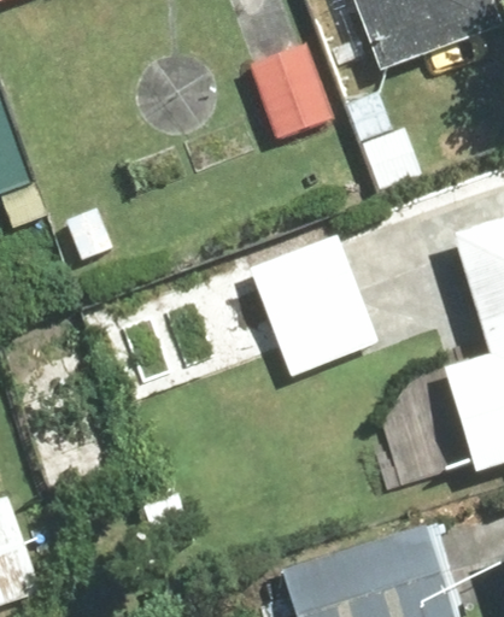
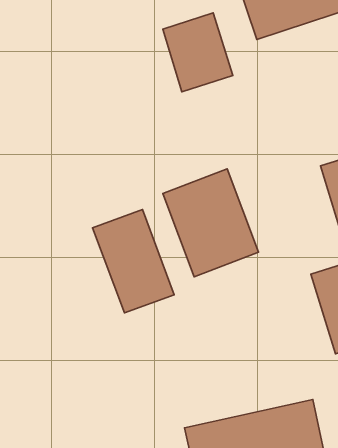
building: none -> [93,210,174,313]

